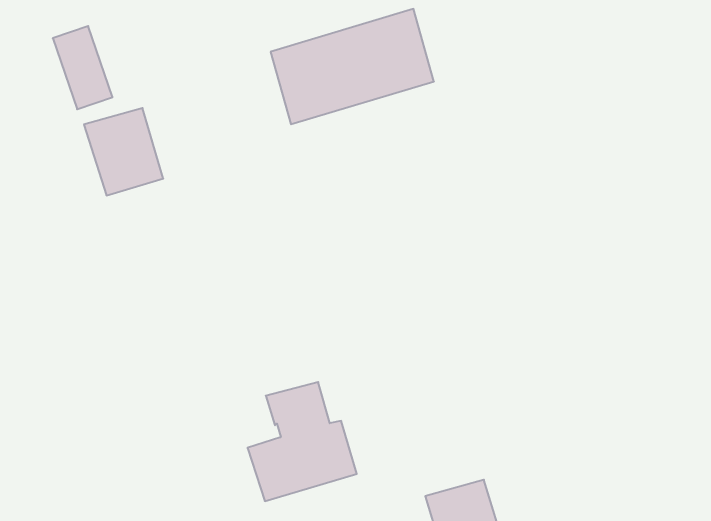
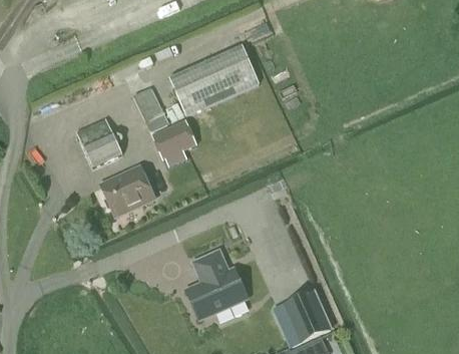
building: [53,26,113,109] -> [133,85,169,130]
building: none -> [153,119,197,158]
building: none -> [101,166,154,215]

